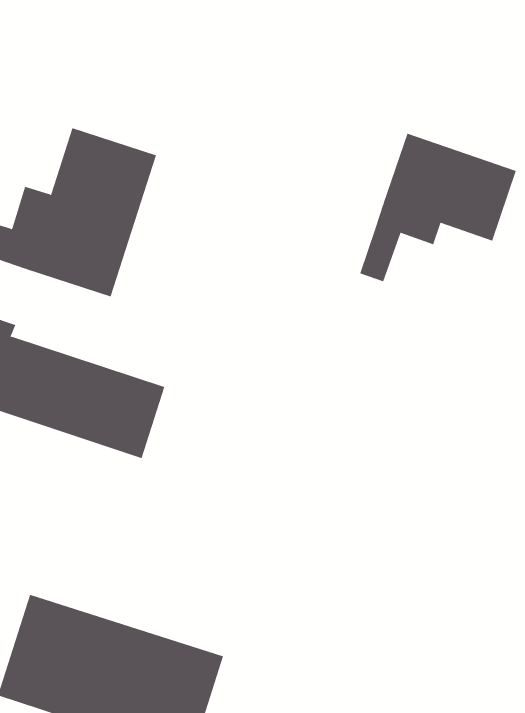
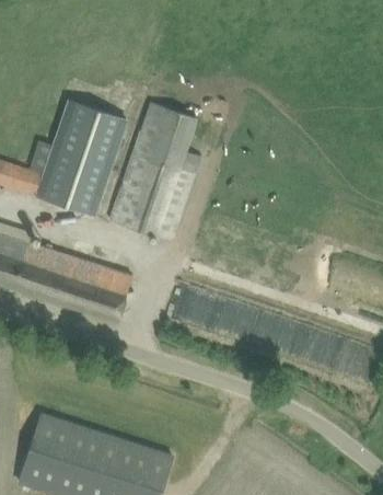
building: none -> [111,89,213,241]
building: [360,133,517,282] -> none

